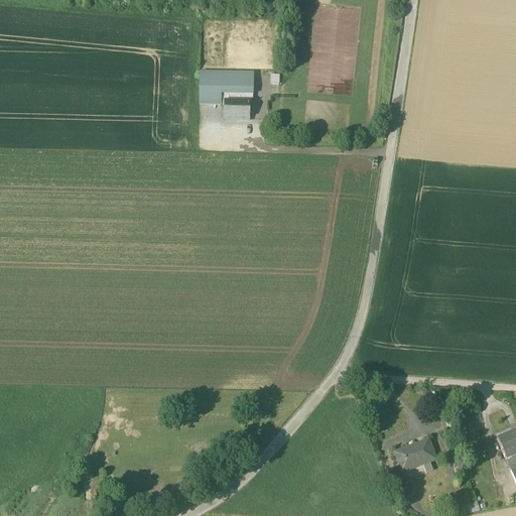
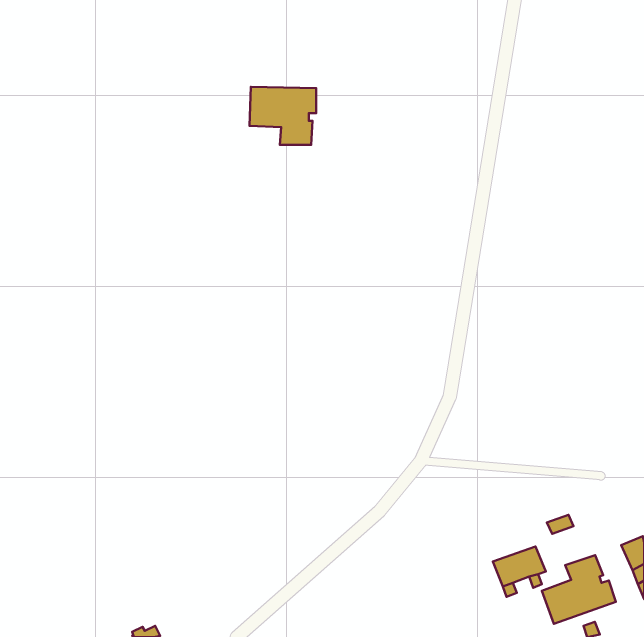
building: none -> [542,555,616,624]

